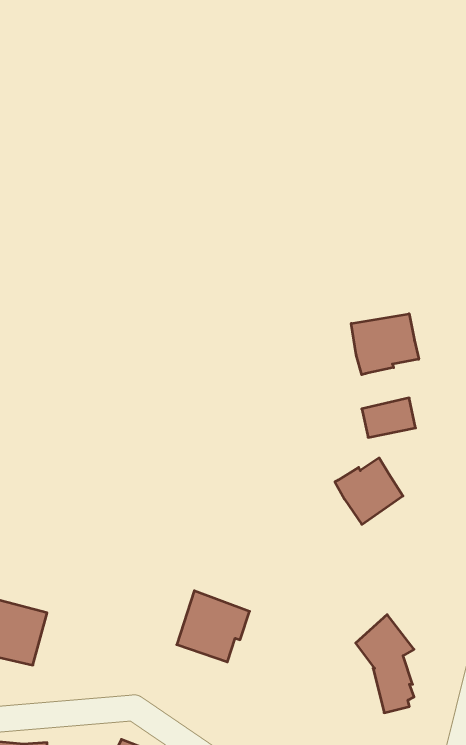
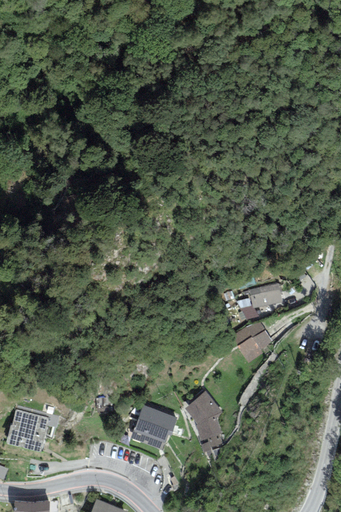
building: [351,314,419,375] -> none
building: [356,615,414,713] -> [185,390,222,452]

